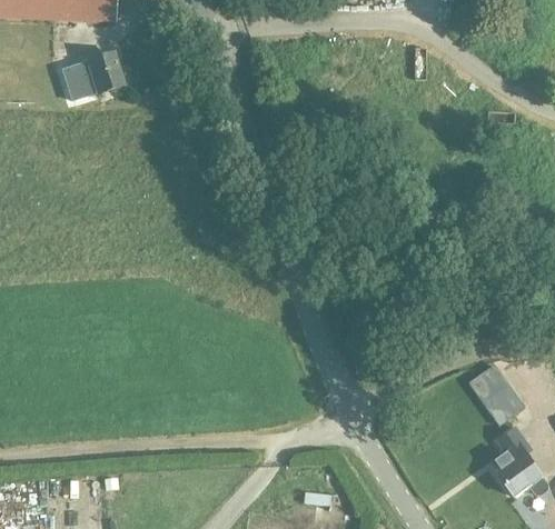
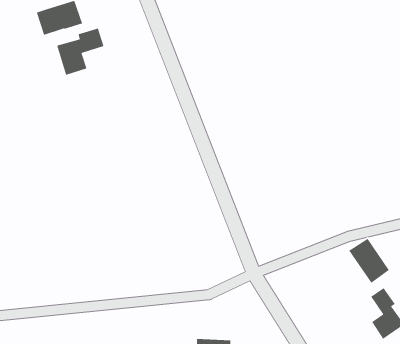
building: none -> [56,28,104,76]

